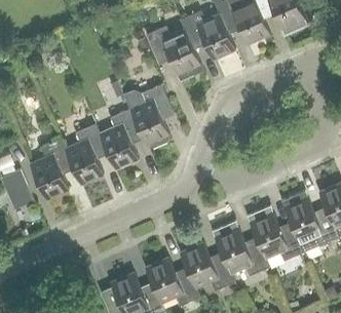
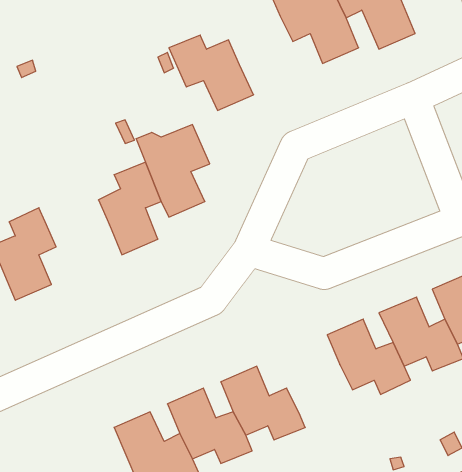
building: [181,10,235,60] -> none
building: [65,123,107,184] -> none
building: [215,227,270,276] -> none

